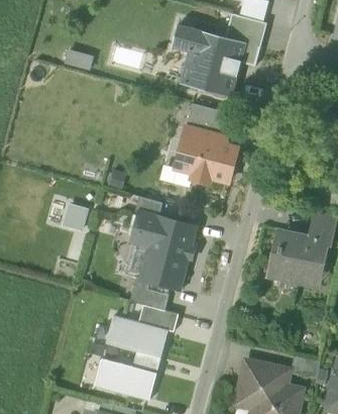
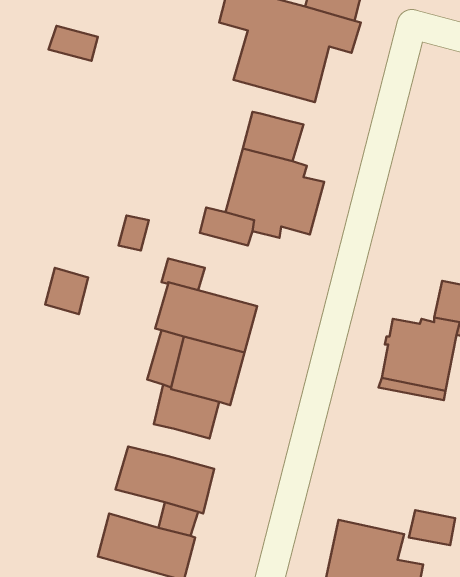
building: [139,304,179,331] -> none

